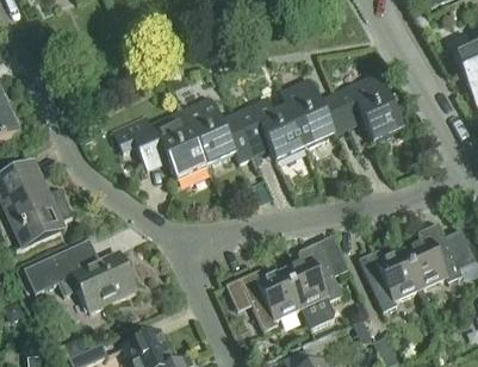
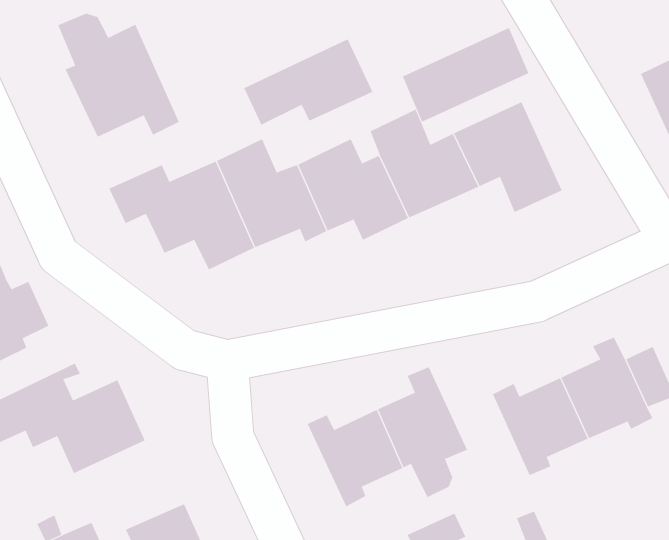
building: none -> [58,13,180,137]
building: none -> [402,27,529,123]
building: none -> [243,38,373,126]

